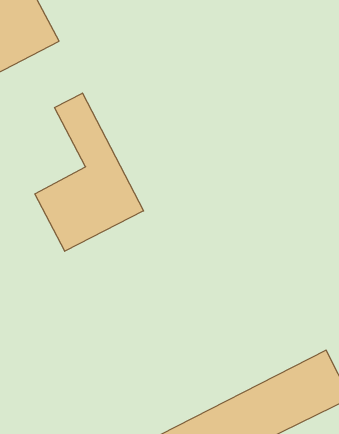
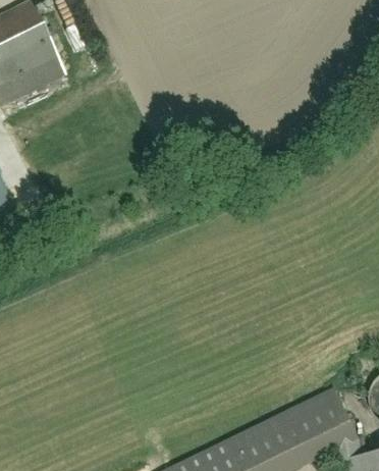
building: [35,93,144,251] -> none

